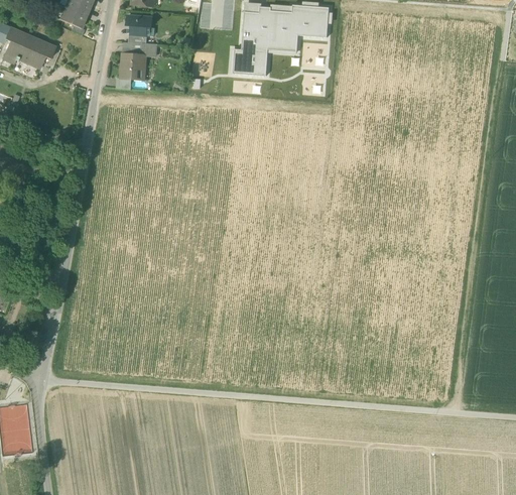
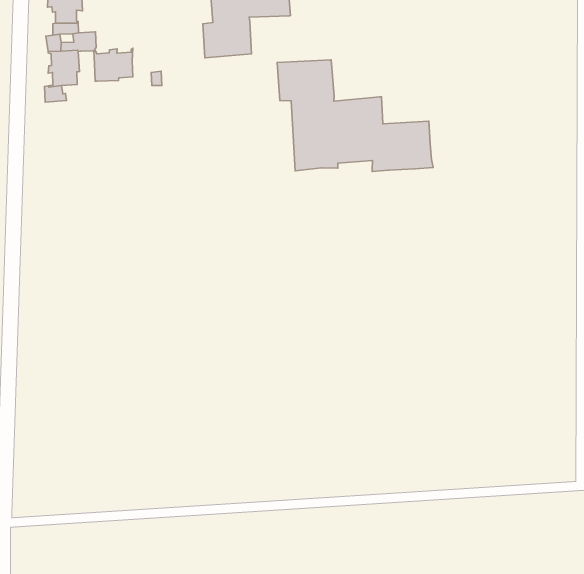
building: none -> [94,48,133,81]
building: none -> [277,60,433,172]

